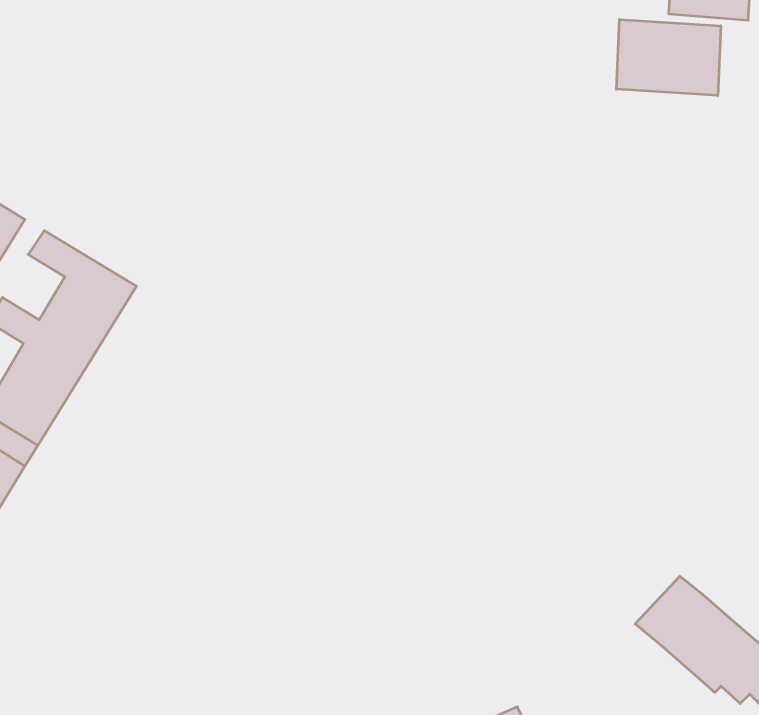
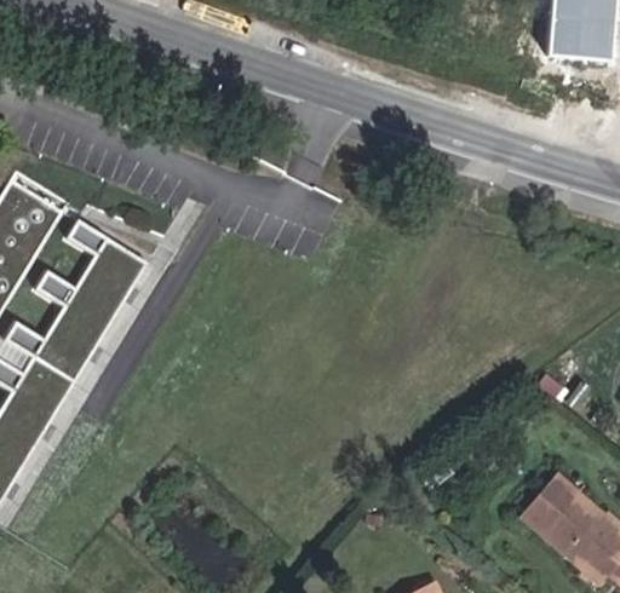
building: [616,19,721,96] -> none

